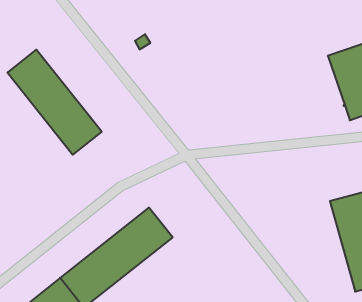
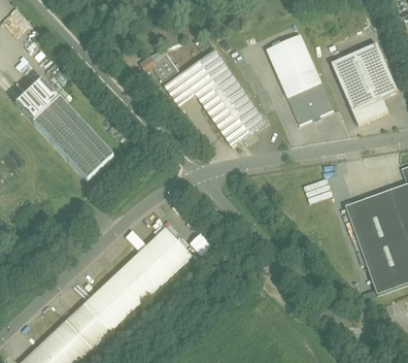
building: none -> [266,35,333,123]
building: none -> [164,51,266,146]

